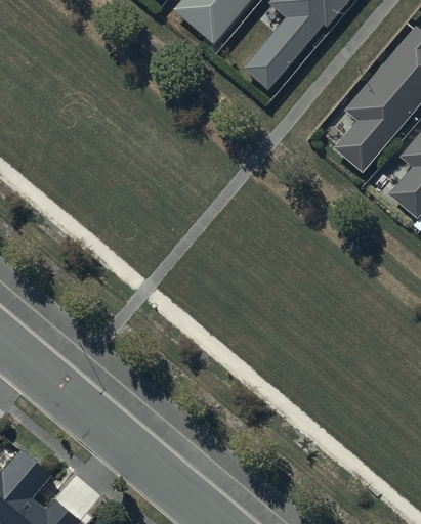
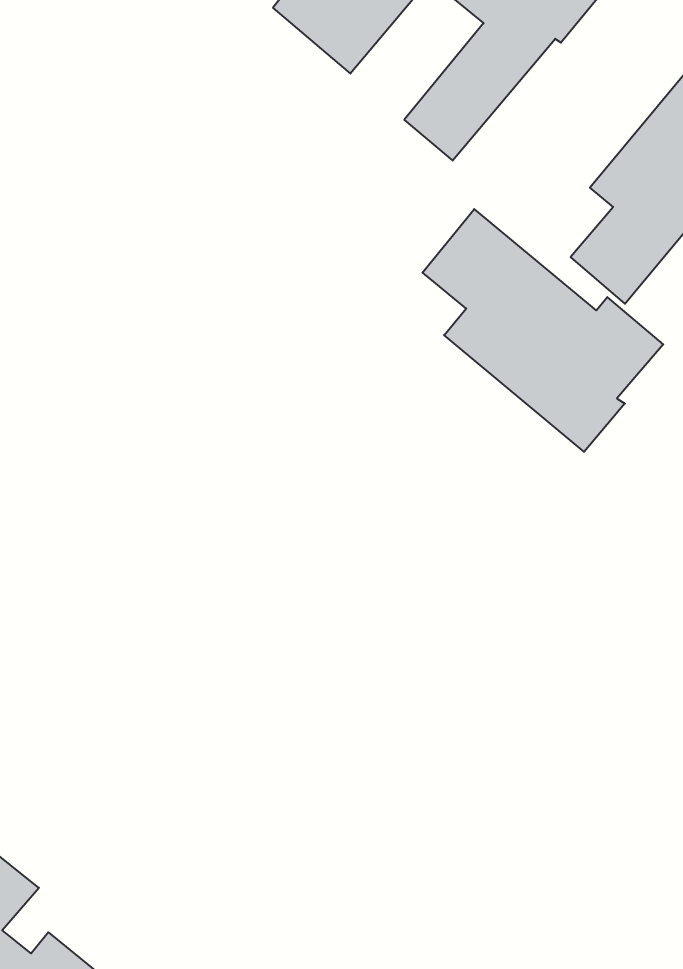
building: none -> [422,209,663,452]

